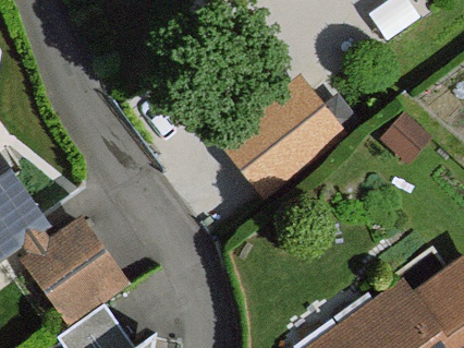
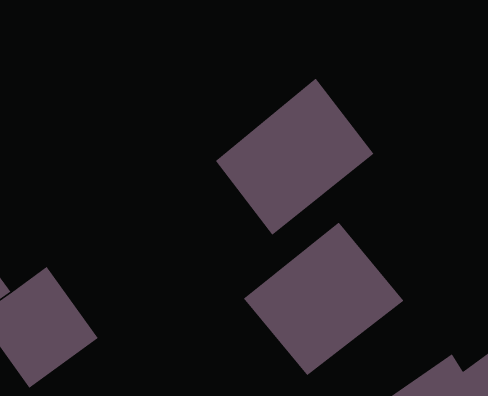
building: none -> [243,222,405,376]

